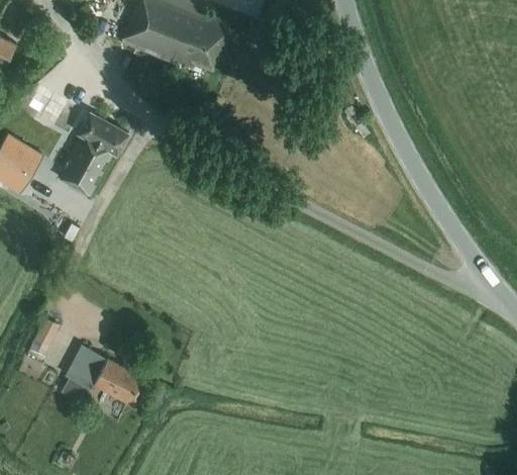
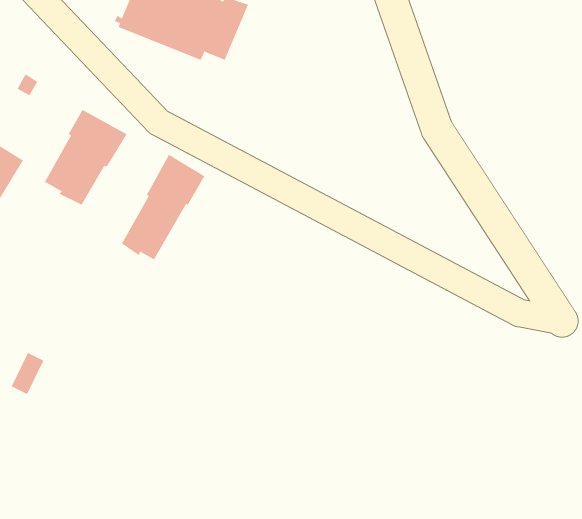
building: none -> [121,154,205,260]
building: [64,344,148,405] -> none

